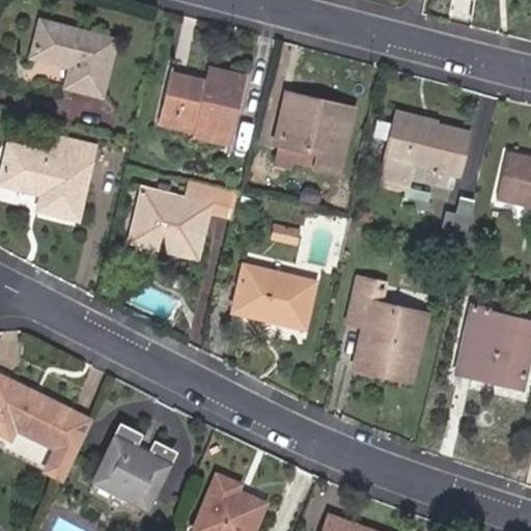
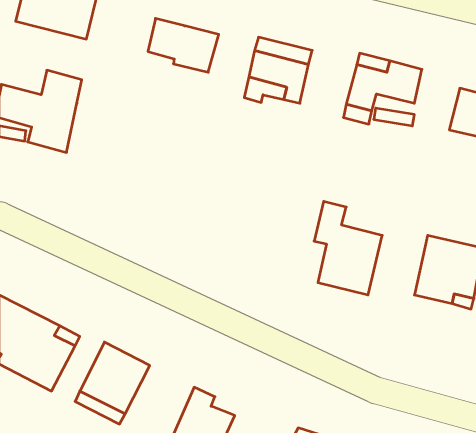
building: [206,60,248,90] -> none
building: [135,176,234,255] -> none
building: [236,262,315,326] -> none

